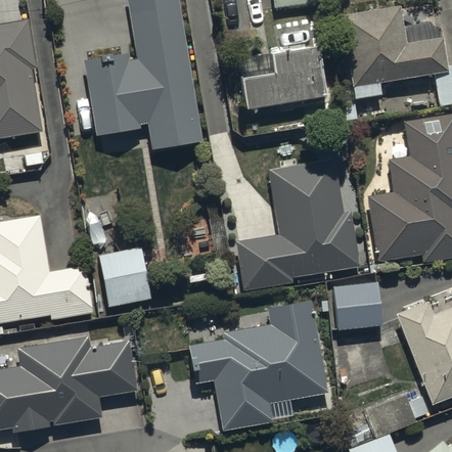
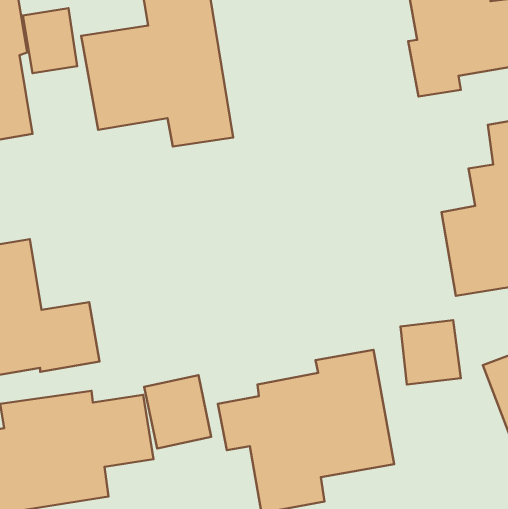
building: none -> [23,8,77,73]
building: [241,44,325,110] -> none
building: [232,157,360,292] -> none
building: [98,248,151,307] -> [144,375,211,449]

